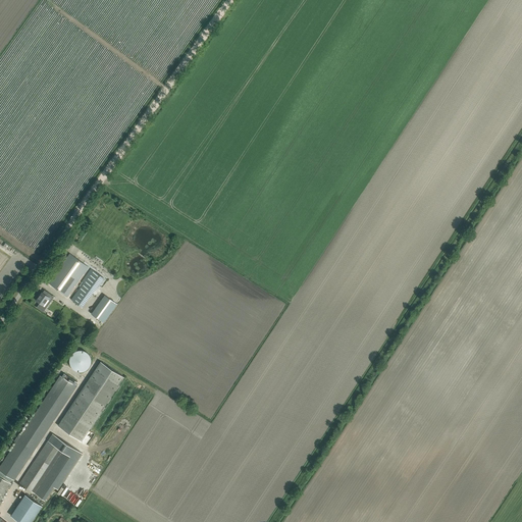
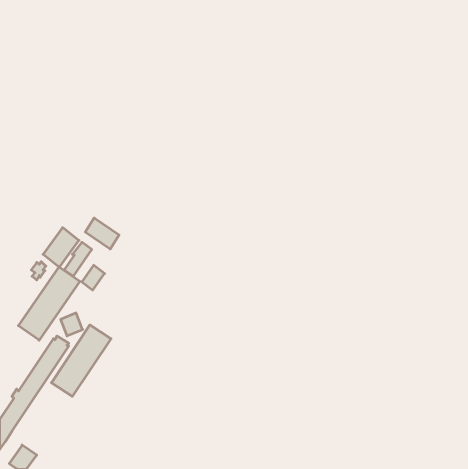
building: none -> [85,218,119,249]
building: none -> [18,267,80,340]
building: [18,433,82,500] -> none

